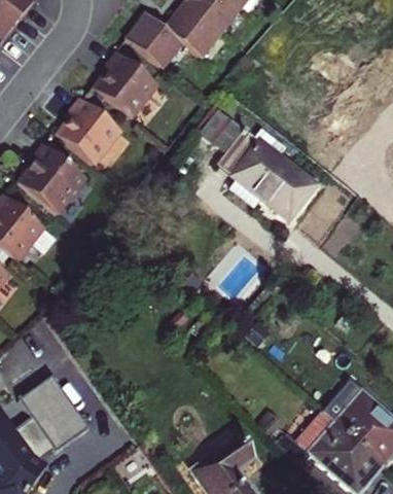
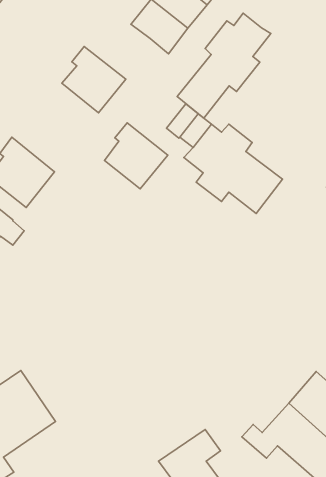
building: [126,11,183,68] -> none
building: none -> [177,13,271,118]
building: [58,97,121,164] -> [105,123,168,189]

